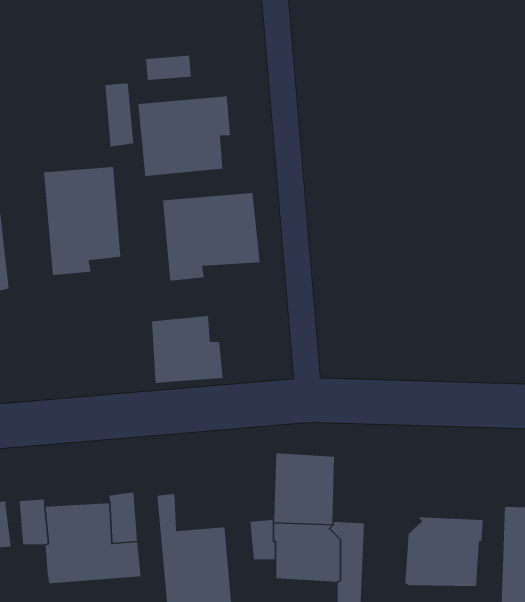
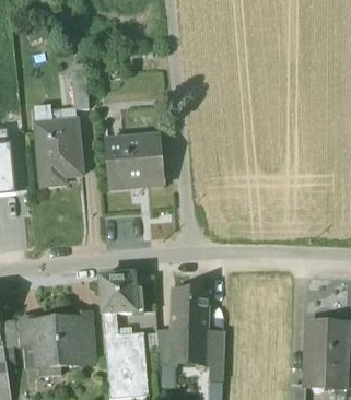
building: [137,95,231,177] -> none
building: [151,315,224,384] -> [100,272,142,313]
building: [404,517,484,587] -> none

